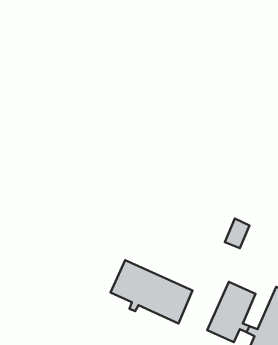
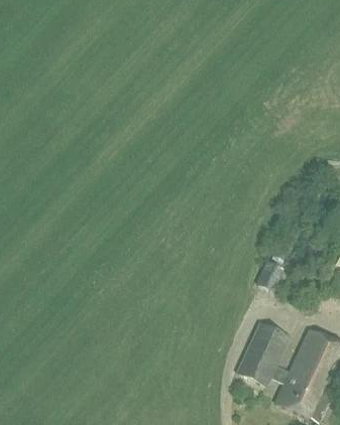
building: [111,260,193,323] -> none

